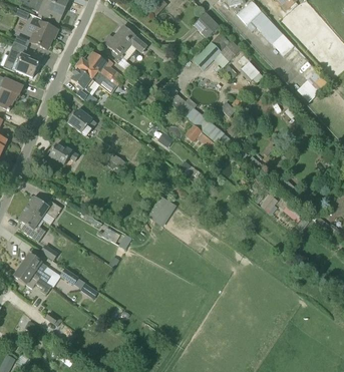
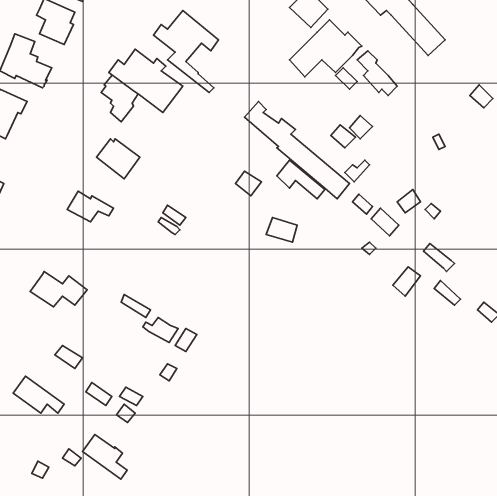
building: [146,194,177,226] -> none
building: [18,209,44,241] -> none
building: [21,253,50,282] -> [82,435,127,479]

